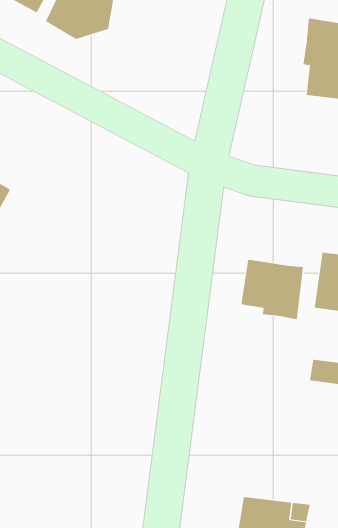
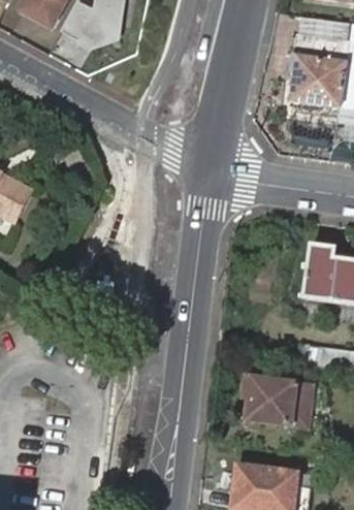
building: [241,259,304,320] -> none
building: none -> [244,377,313,428]

